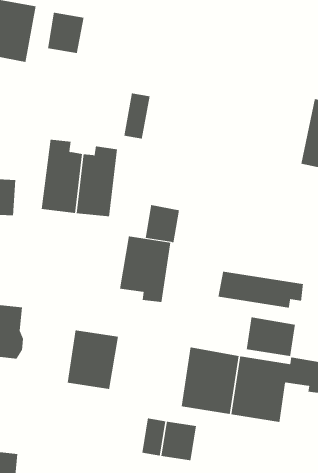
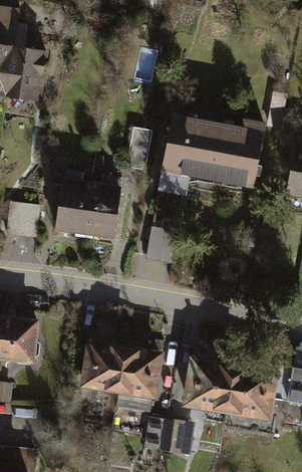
building: [47,12,84,54] -> none
building: none -> [156,111,267,197]
building: [119,236,171,302] -> [116,346,163,406]
building: [218,271,303,309] -> none
building: [246,316,295,357] -> none

